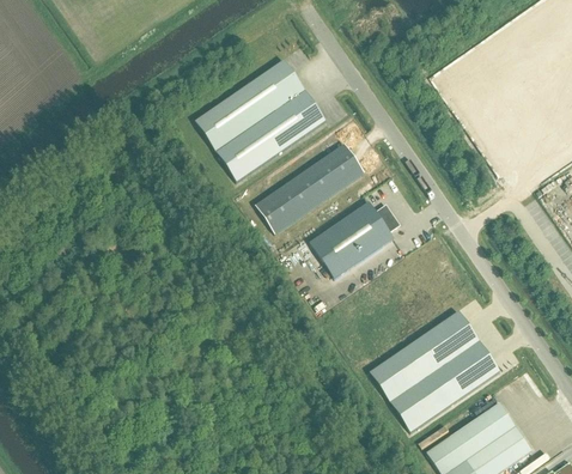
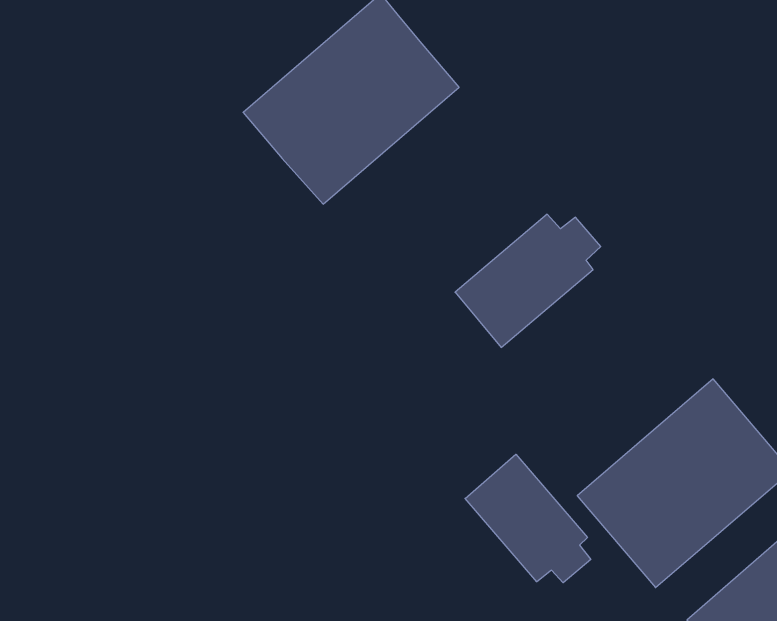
building: [255,142,365,233] -> none
building: none -> [465,454,591,583]

